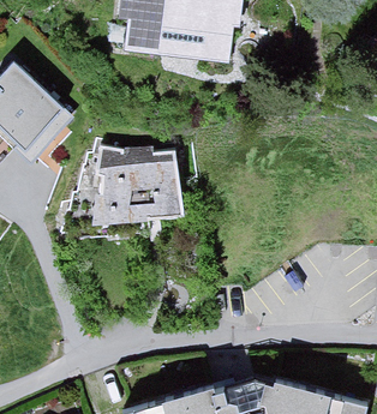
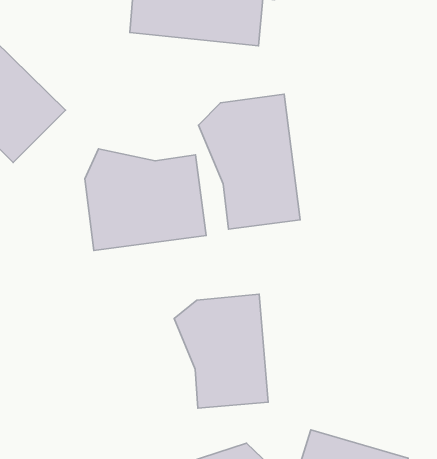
building: none -> [199,94,300,229]
building: none -> [174,294,268,408]

